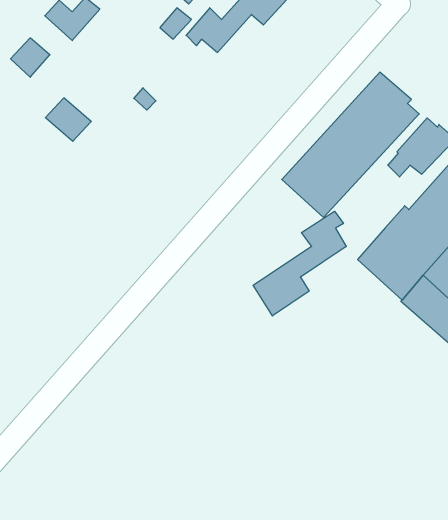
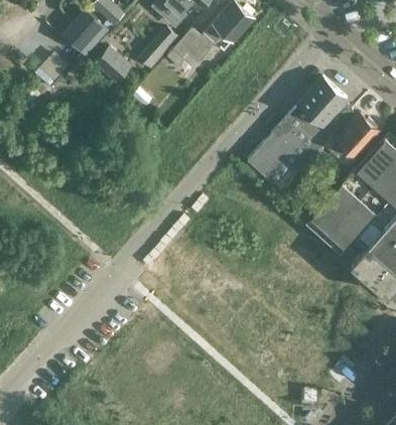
building: [45,98,91,141] -> [95,47,130,81]
building: [253,211,346,316] -> none

